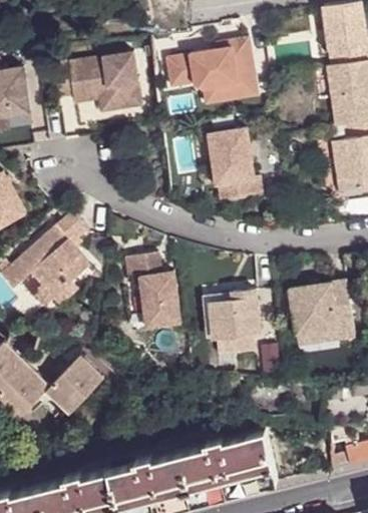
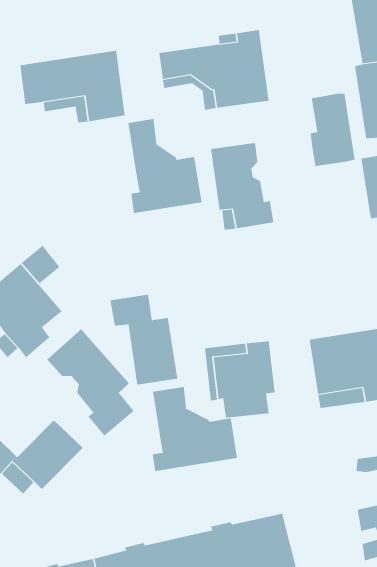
building: none -> [310,93,355,167]
building: none -> [128,118,202,214]
building: none -> [47,328,134,436]
building: none -> [152,386,238,472]

